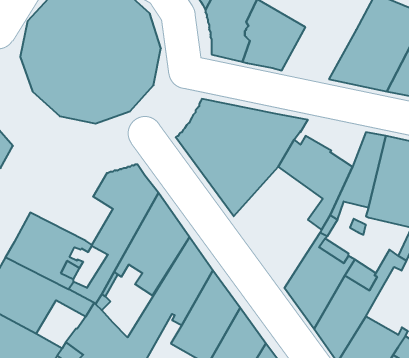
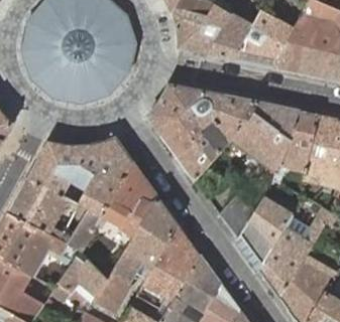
building: none -> [234,11,295,68]
building: none -> [244,102,303,140]
building: none -> [28,142,96,203]
building: none -> [219,194,254,238]

